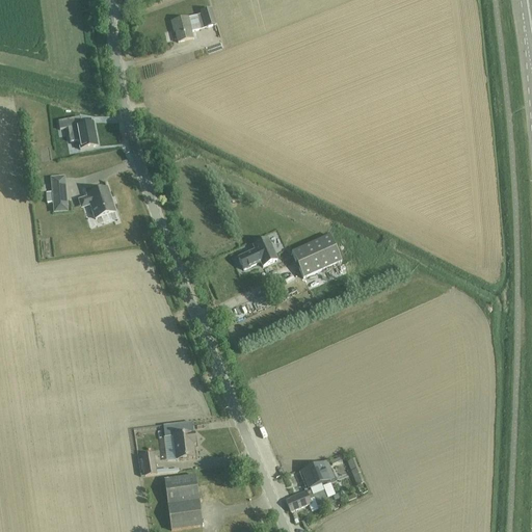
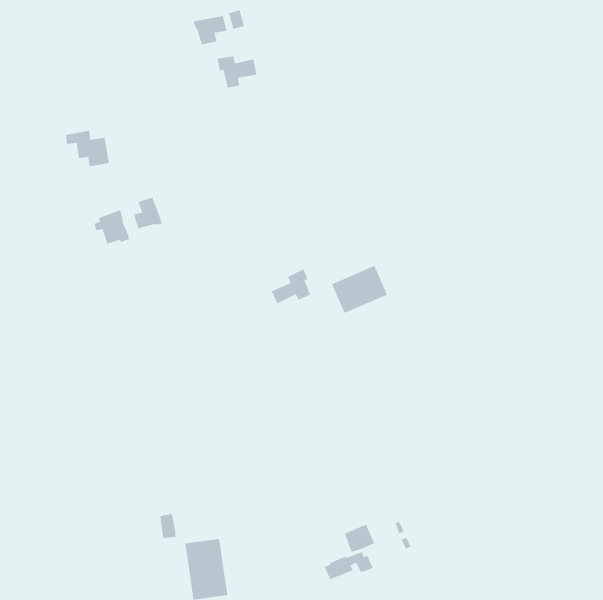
building: none -> [217,56,257,88]
building: none -> [133,197,163,229]
building: [46,175,65,203] -> none
building: [162,420,194,456] -> none

